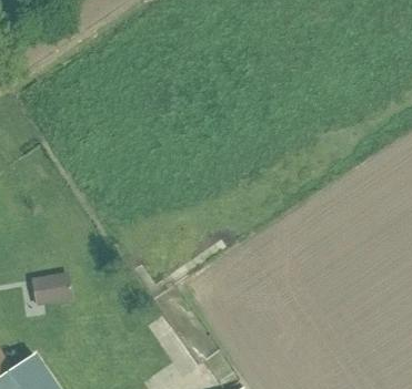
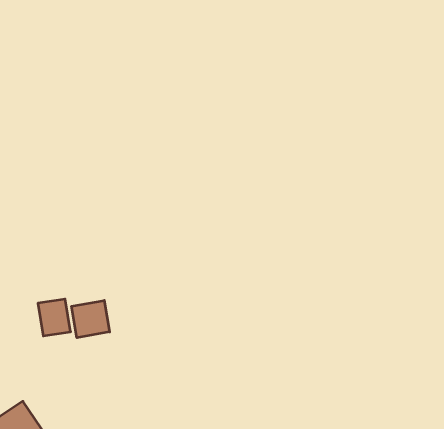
building: none -> [72,300,110,338]

